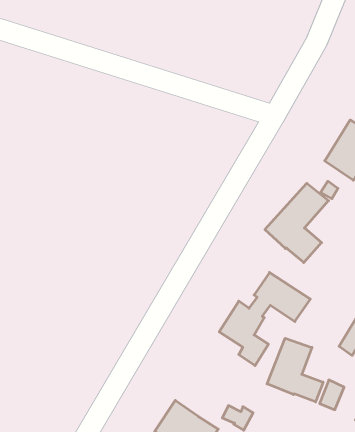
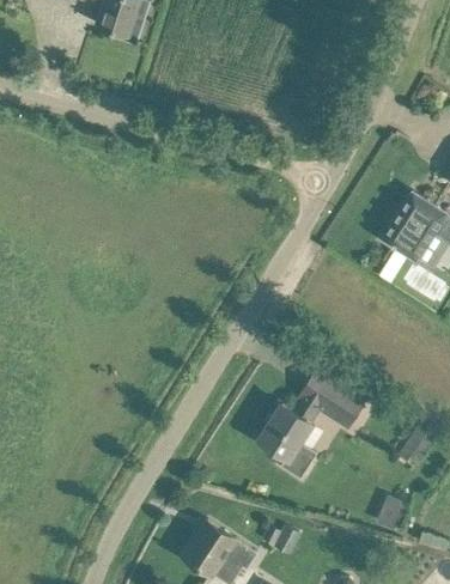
building: [265,183,329,263] -> none
building: [267,338,323,402] -> none

